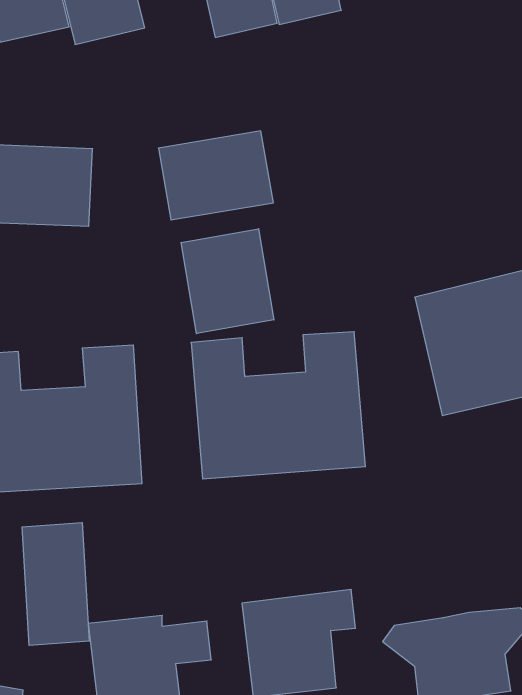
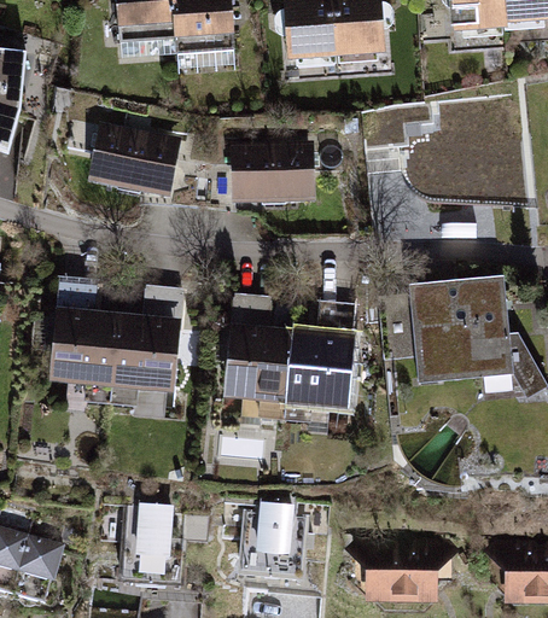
building: [181,229,274,334] -> none
building: [22,523,89,645] -> none

